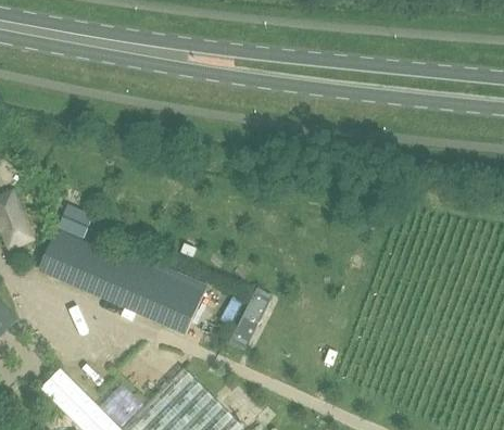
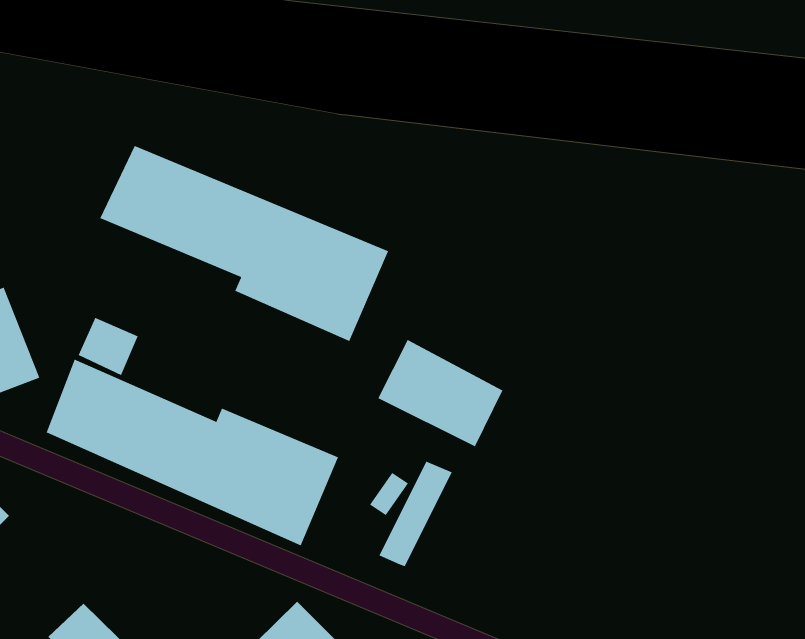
building: none -> [100,145,389,342]
building: none -> [377,339,503,447]

